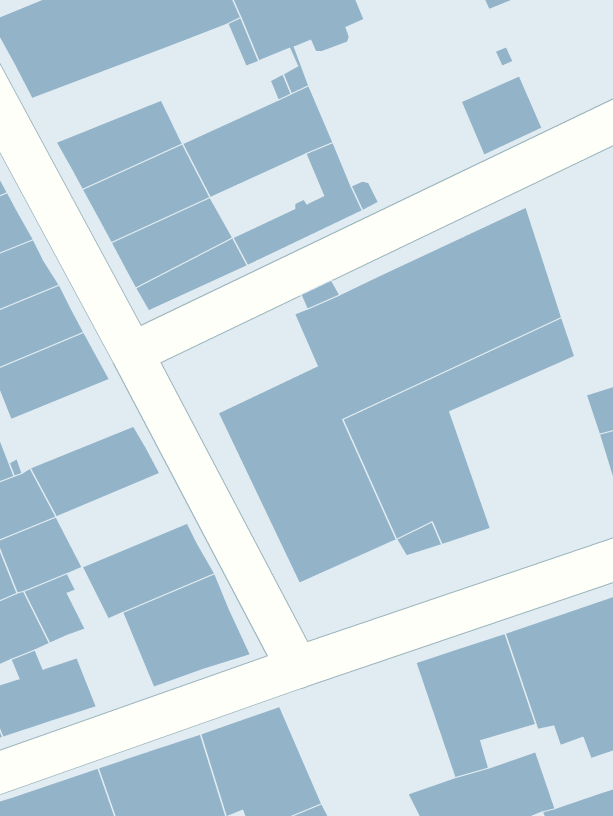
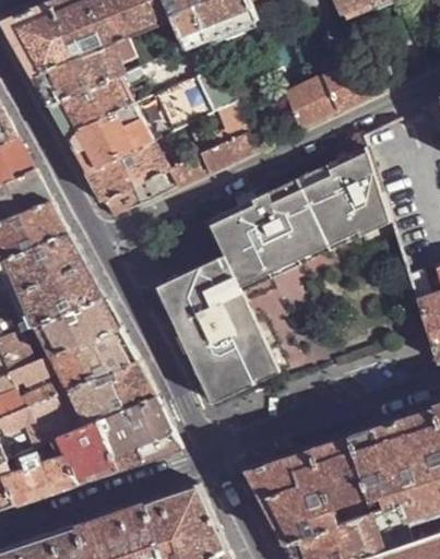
building: none -> [32,38,134,104]
building: none -> [283,76,336,134]
building: none -> [17,263,100,323]
building: none -> [48,326,136,390]
building: none -> [56,420,114,484]
building: none -> [245,454,317,543]
building: none -> [371,504,416,552]

